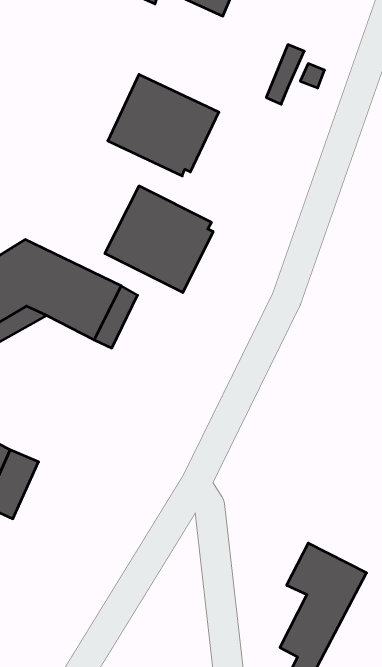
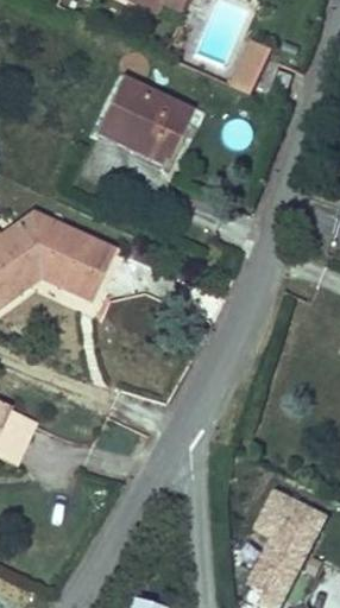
building: [105,186,213,293] -> none

